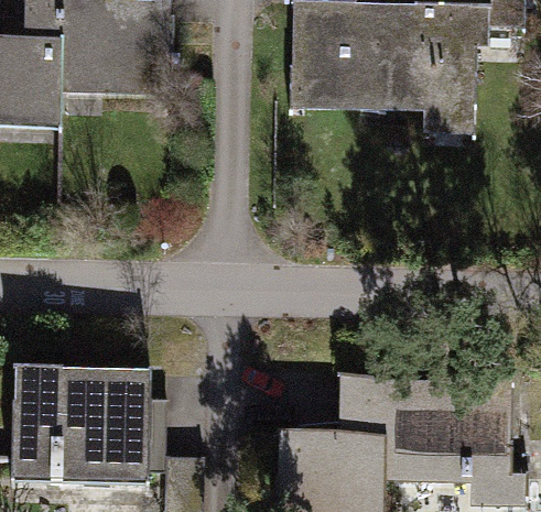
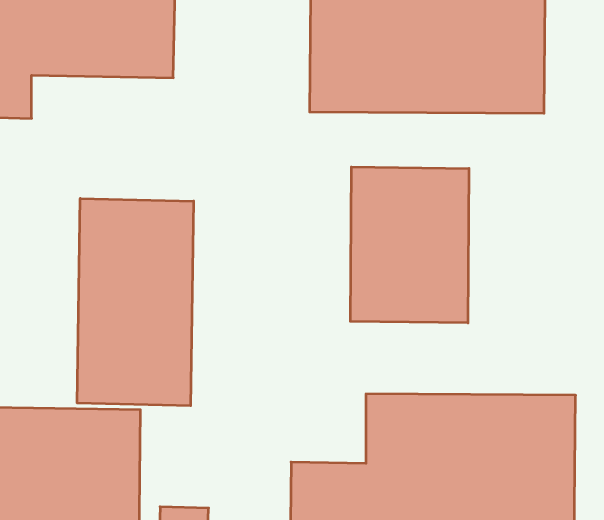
building: none -> [350,167,469,323]
building: none -> [77,198,194,406]

